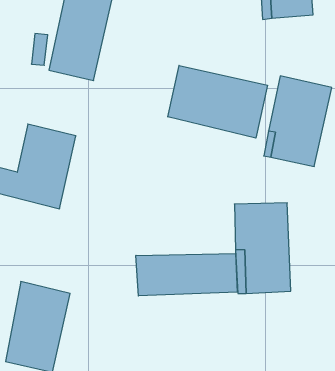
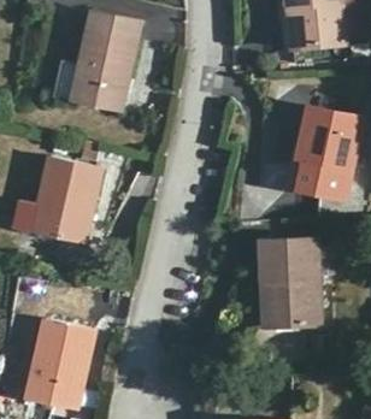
building: [168,65,267,138] -> none
building: [136,254,237,296] -> none

